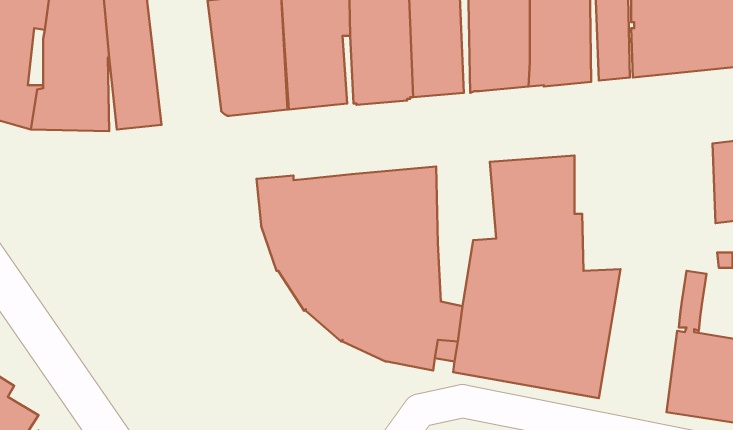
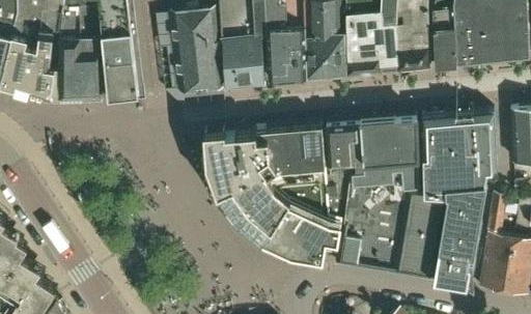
building: none -> [422,111,497,286]
building: none -> [325,121,364,219]

